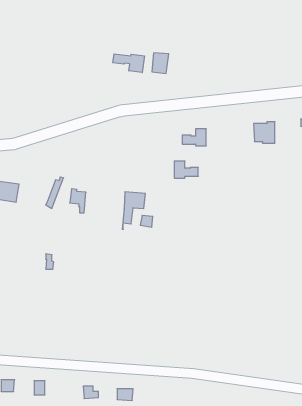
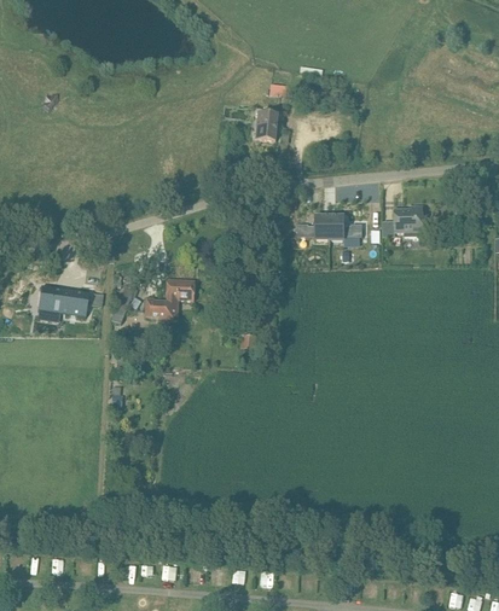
building: [113,54,144,73] -> none
building: [174,161,198,178] -> [329,215,361,238]
building: [122,192,145,229] -> [163,278,195,328]

